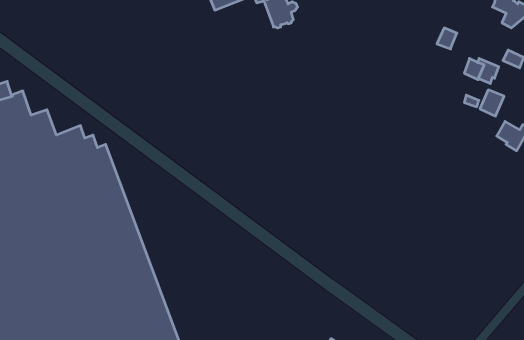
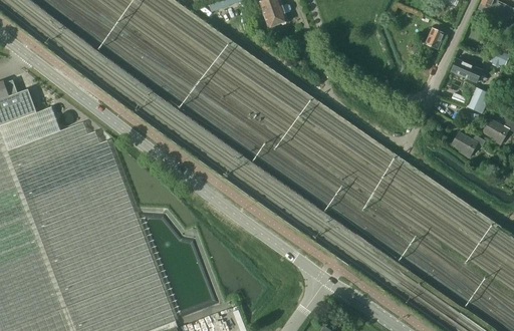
building: none -> [451,130,486,157]

